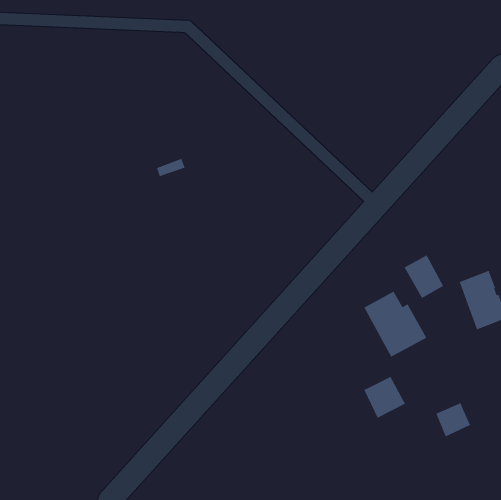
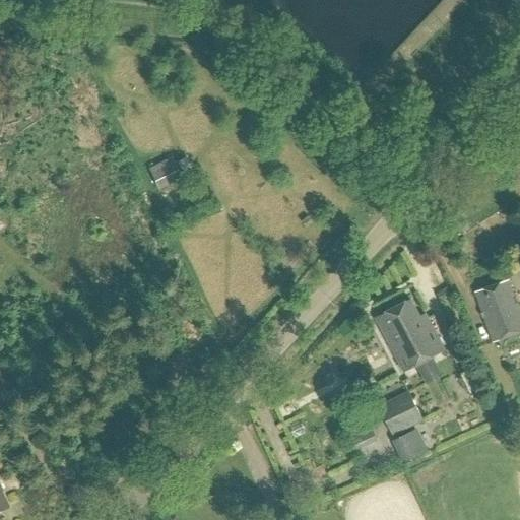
building: [404,254,444,299] -> none
building: [435,403,471,437] -> [391,425,428,460]

